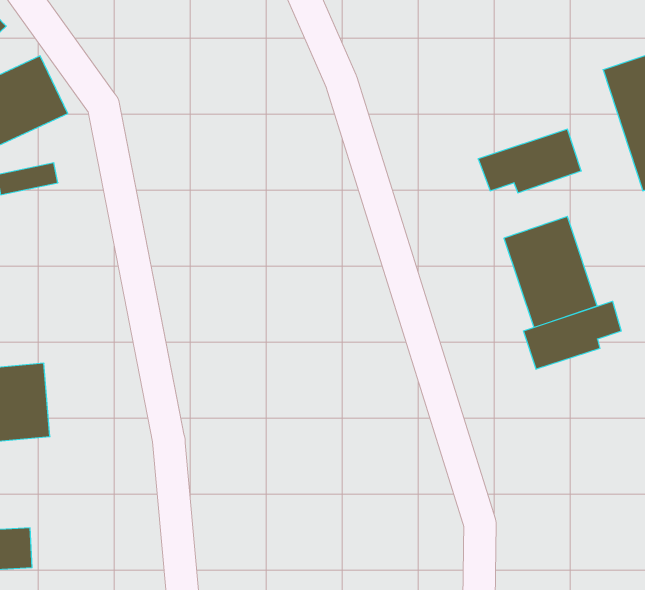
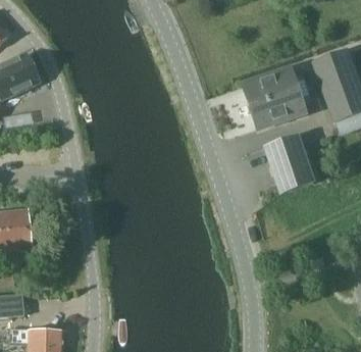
building: none -> [247,67,298,105]
building: [523,301,621,369] -> none

